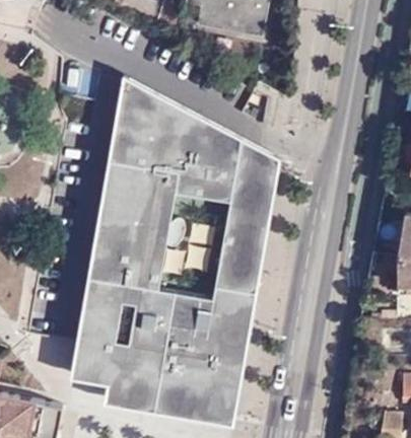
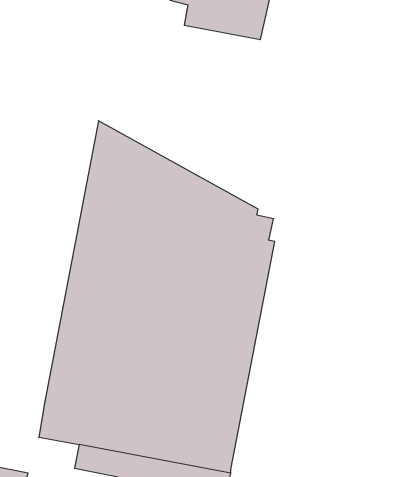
building: [120,75,279,210] -> none

